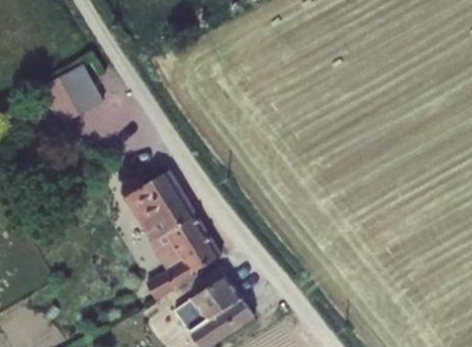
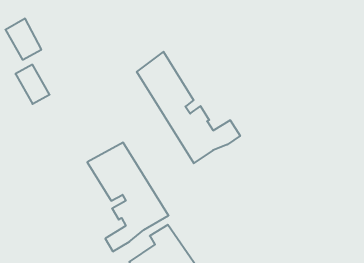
building: none -> [137,52,240,163]
building: [59,66,101,114] -> [5,19,41,60]

